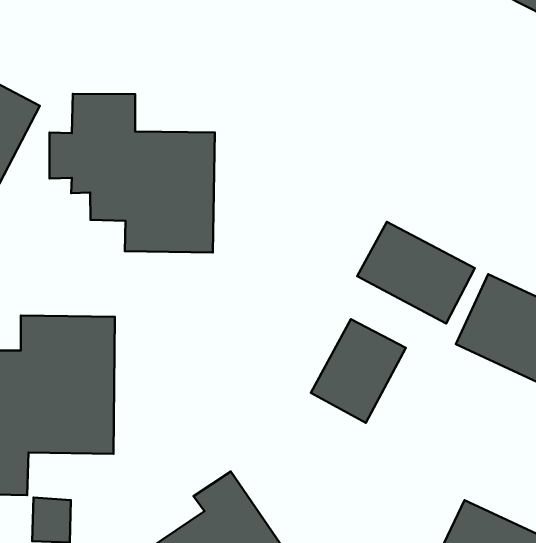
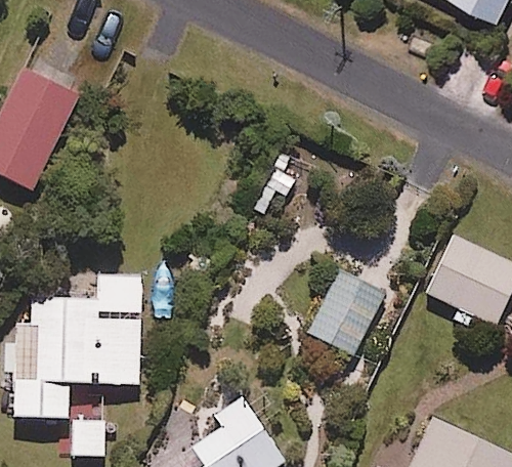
building: [49,94,215,252] -> none
building: [357,222,475,324] -> none

